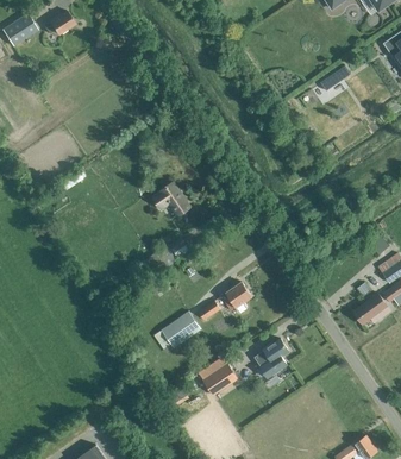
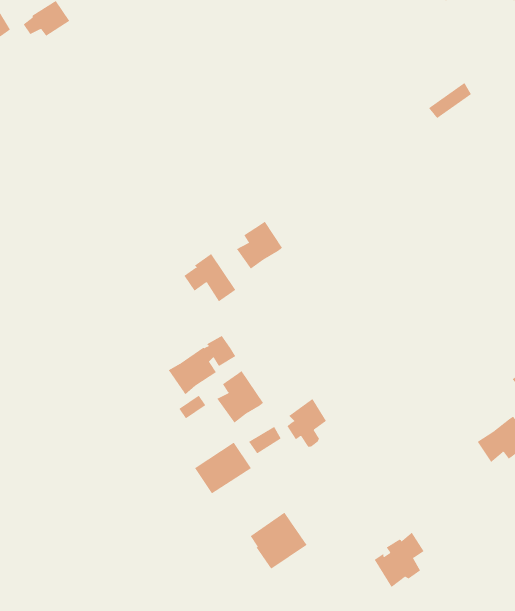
building: none -> [236,221,283,270]
building: none -> [217,370,264,423]
building: [253,339,288,377] -> [374,532,424,588]

